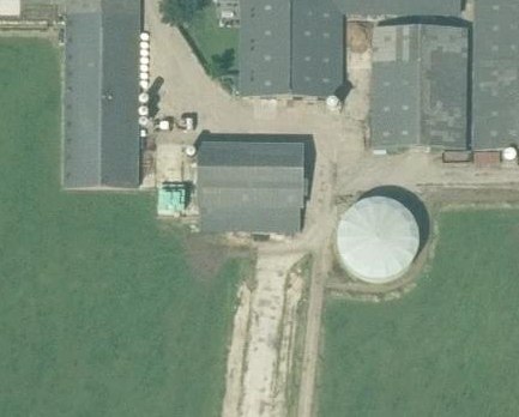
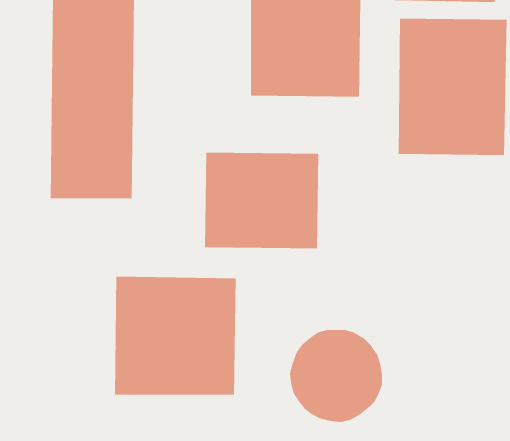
building: [337,198,420,280] -> [289,329,383,423]
building: none -> [114,276,236,396]

